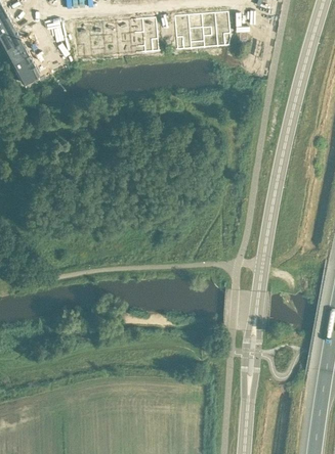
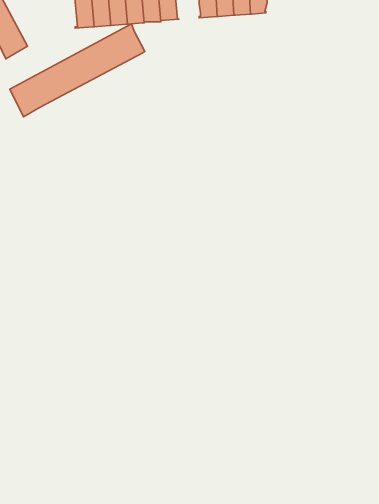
building: none -> [10,24,145,117]

